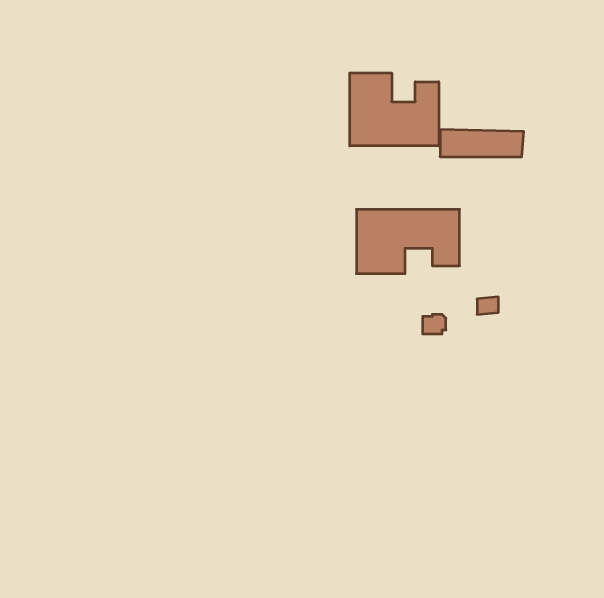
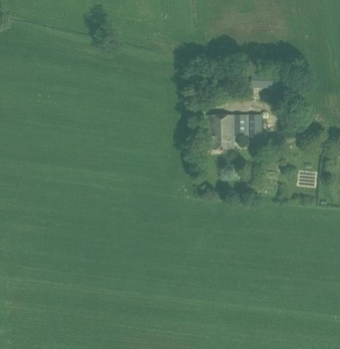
building: [350,73,439,146] -> none

